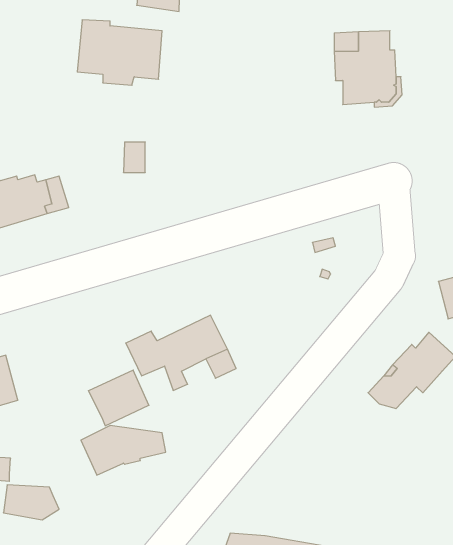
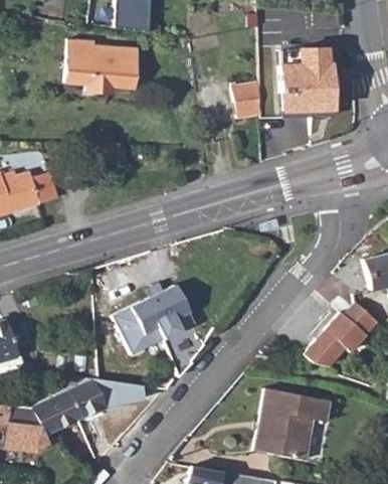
building: none -> [233,83,262,118]
building: [88,370,149,426] -> [32,390,82,437]
building: none -> [256,387,330,461]

